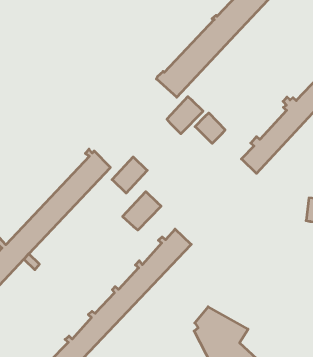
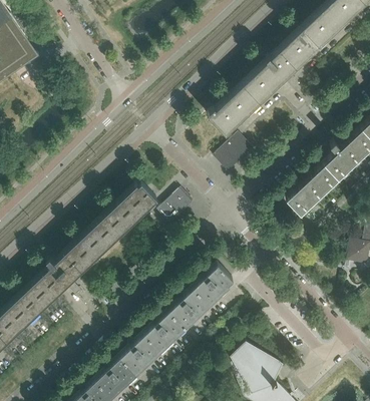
building: [195,113,225,143] -> none
building: [123,192,161,230] -> none

